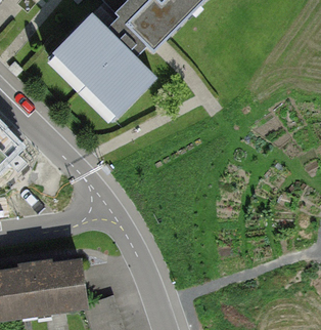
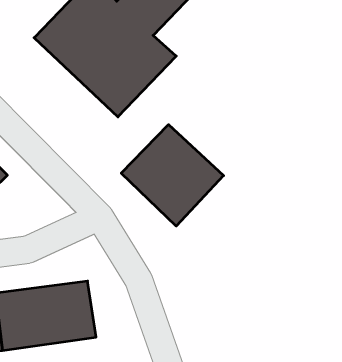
building: none -> [121,125,224,226]

